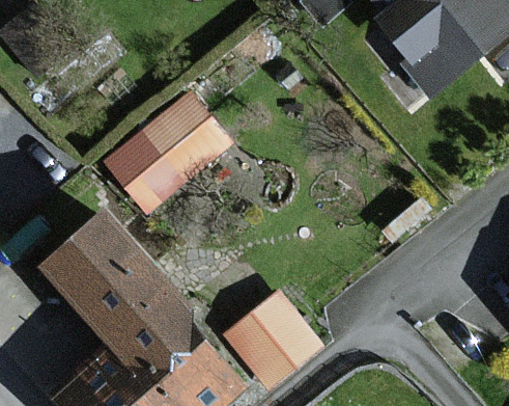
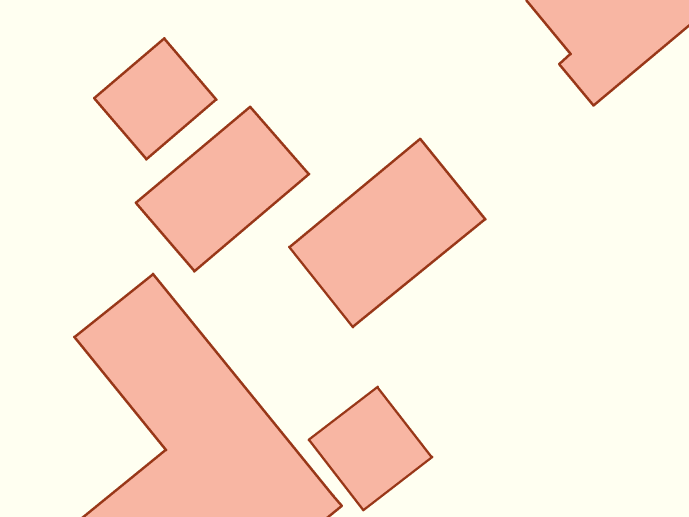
building: none -> [94,38,216,159]
building: none -> [289,139,485,327]

